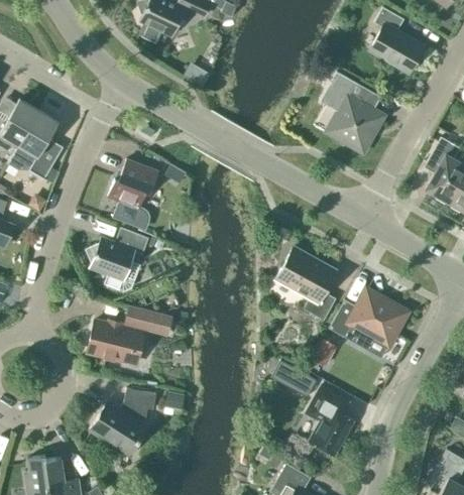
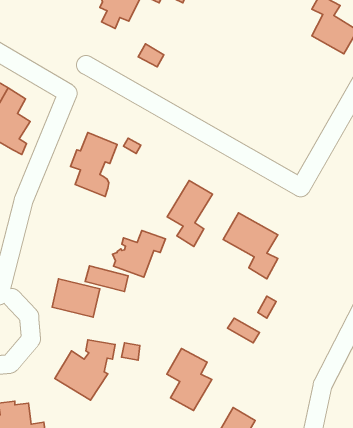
building: [325,78,385,153] -> none
building: none -> [167,181,212,246]
building: [89,229,147,280] -> [113,231,166,277]
building: [329,289,408,346] -> none
building: [305,386,354,455] -> [167,348,212,411]

